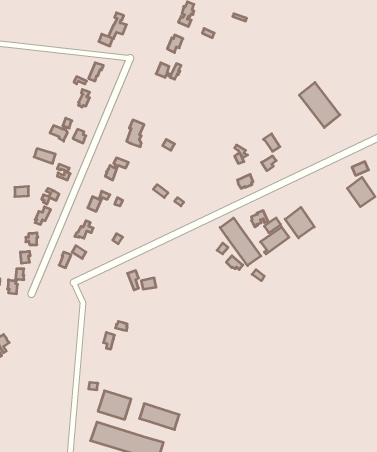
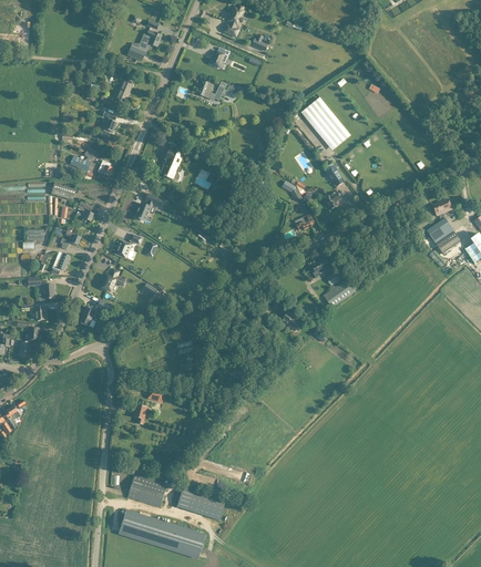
building: [299,82,340,128] -> [300,96,349,151]
building: [285,207,314,238] -> none
building: [220,218,261,266] -> none

